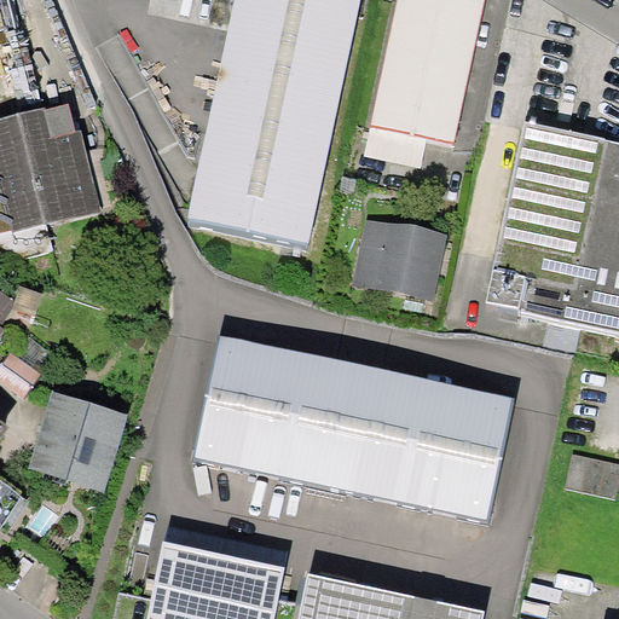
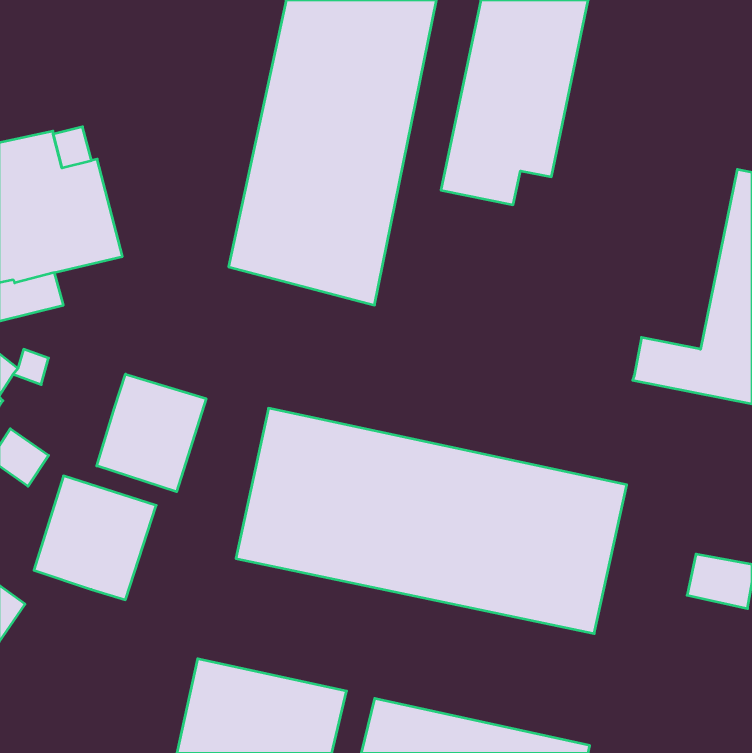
building: [487,122,604,308] -> none
building: [352,219,446,301] -> none
building: none -> [97,374,206,492]

